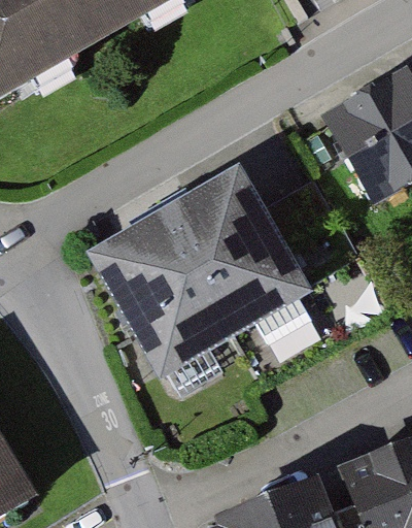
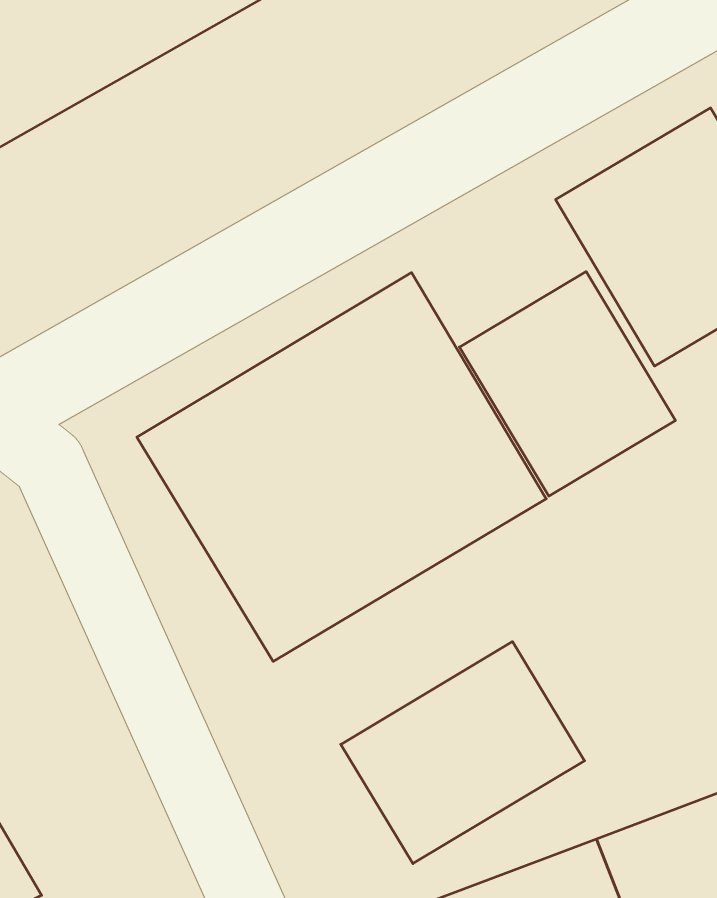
building: none -> [459,272,675,496]
building: none -> [341,642,585,864]

